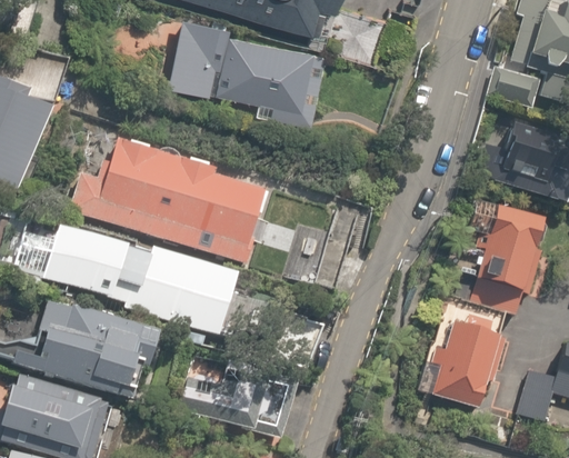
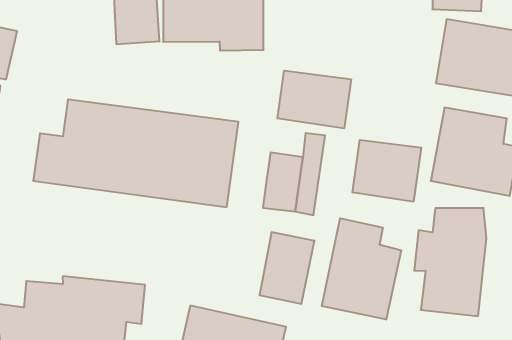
building: none -> [278,71,351,128]
building: [42,218,239,338] -> none
building: none -> [352,140,421,202]
building: none -> [322,218,401,320]

